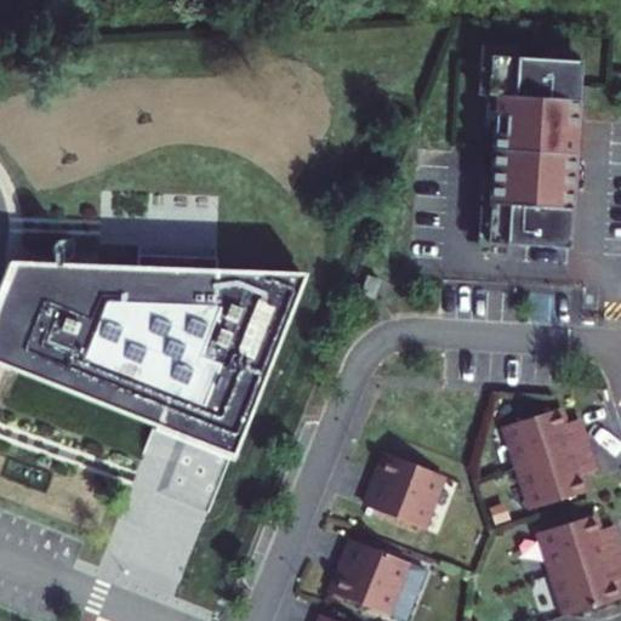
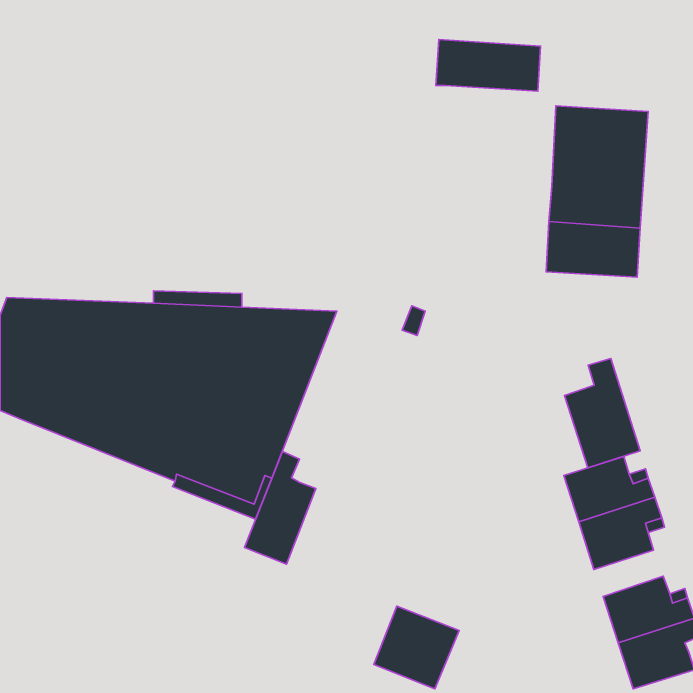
building: [489,53,582,99] -> [436,39,541,91]
building: none -> [565,358,640,468]
building: none -> [245,451,316,564]
building: [368,452,444,528] -> none

